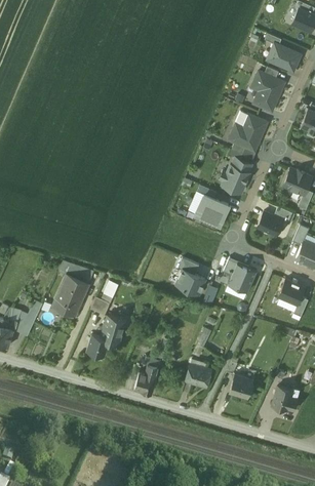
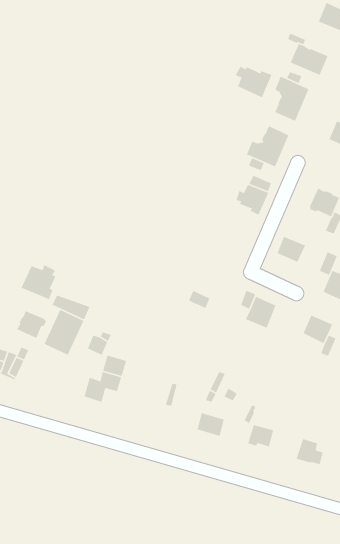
building: none -> [234,66,272,99]
building: [195,194,228,226] -> none
building: none -> [20,264,56,300]
building: [175,269,205,294] -> none
building: none -> [16,310,47,339]
building: [134,356,158,392] -> none

